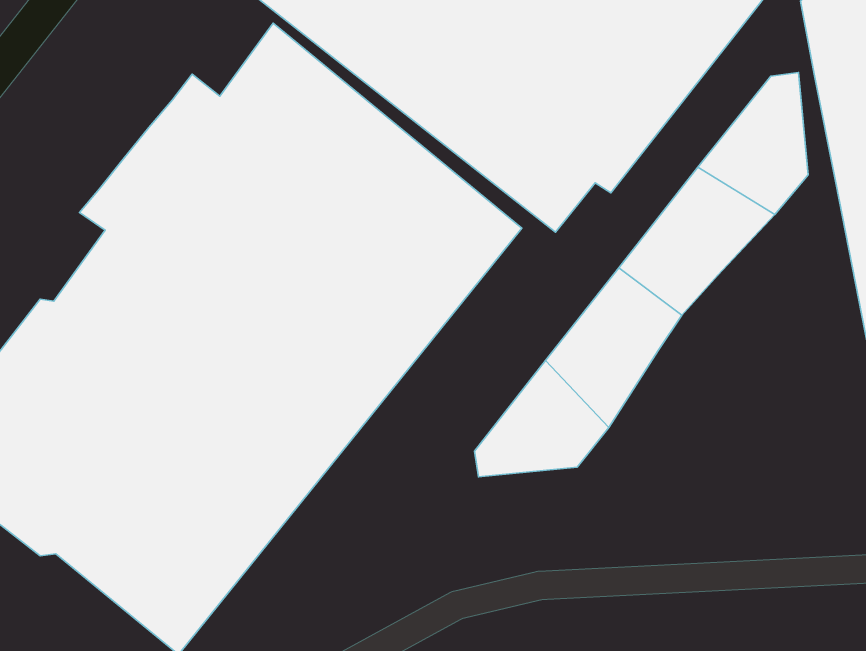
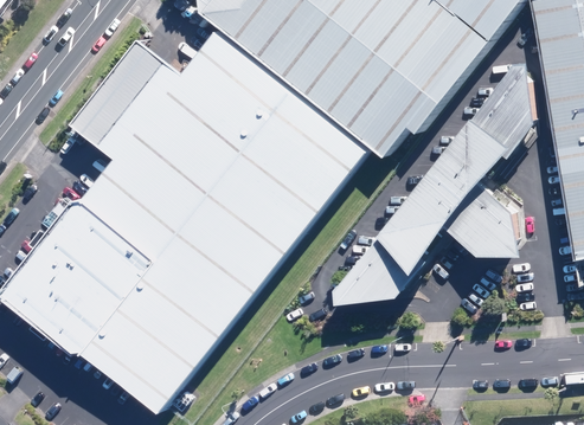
building: none -> [73,41,166,147]
building: none -> [445,185,525,257]

